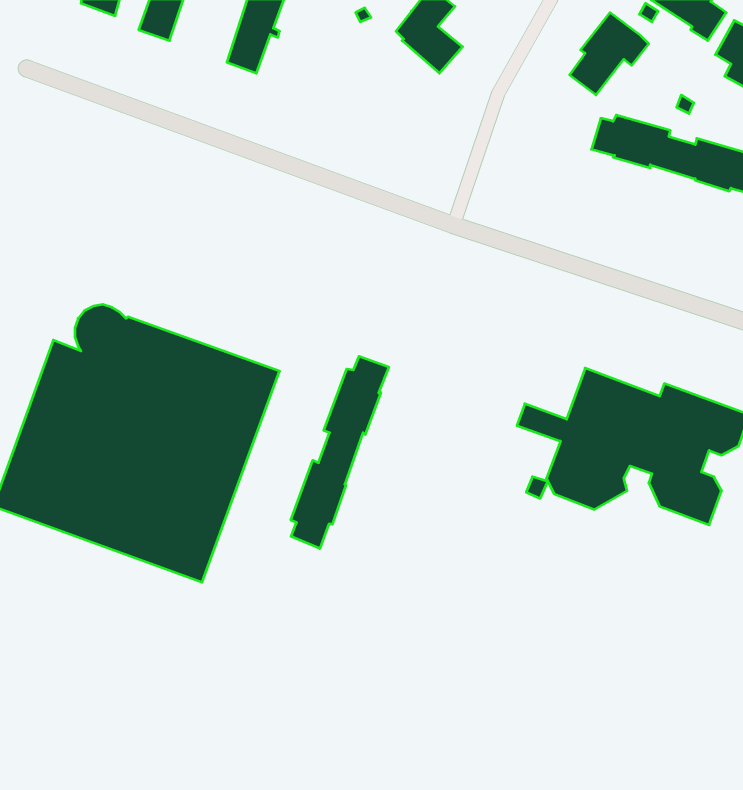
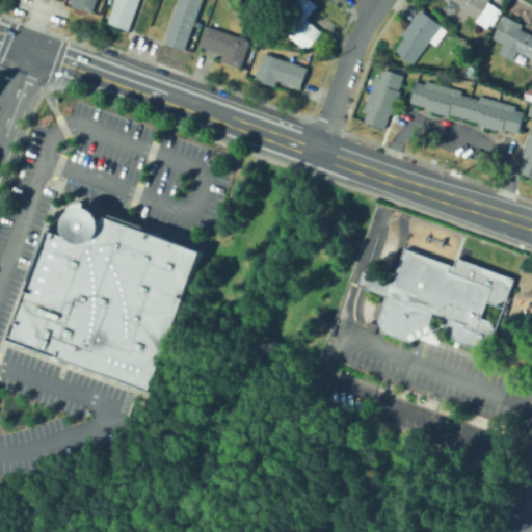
building: none -> [195,25,247,66]
building: none -> [254,53,308,89]
building: none -> [362,66,402,128]
building: [291,356,389,549] -> none

